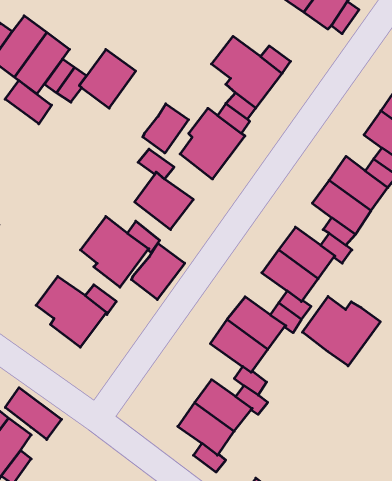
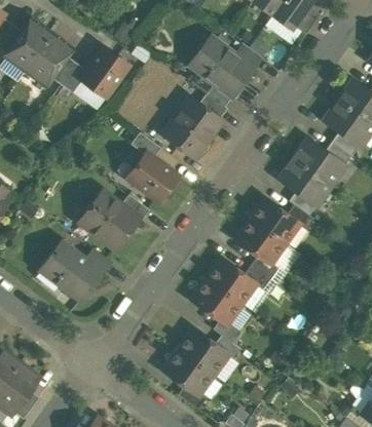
building: [5,80,52,124] -> none
building: [143,104,189,153] -> none
building: [131,243,185,300] -> none
building: [302,296,380,366] -> none
building: [5,388,62,440] -> none

